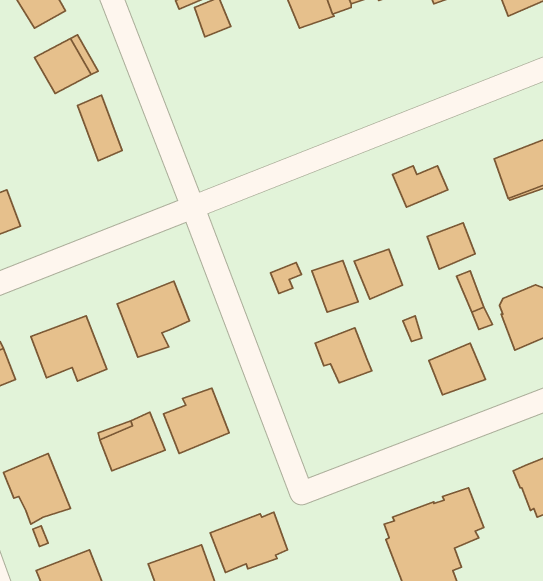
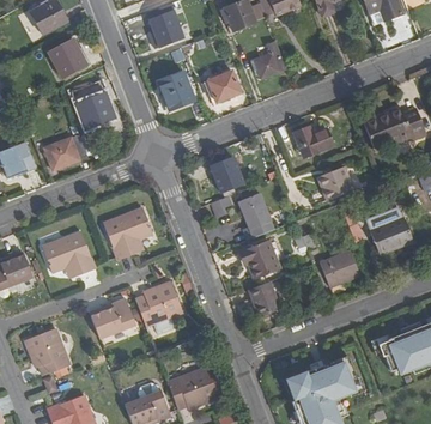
building: none -> [253,41,287,79]
building: none -> [158,69,194,109]
building: none -> [208,71,241,102]
building: none -> [44,134,87,170]
building: [354,249,402,299] -> [207,159,241,194]
building: none -> [249,281,281,317]

